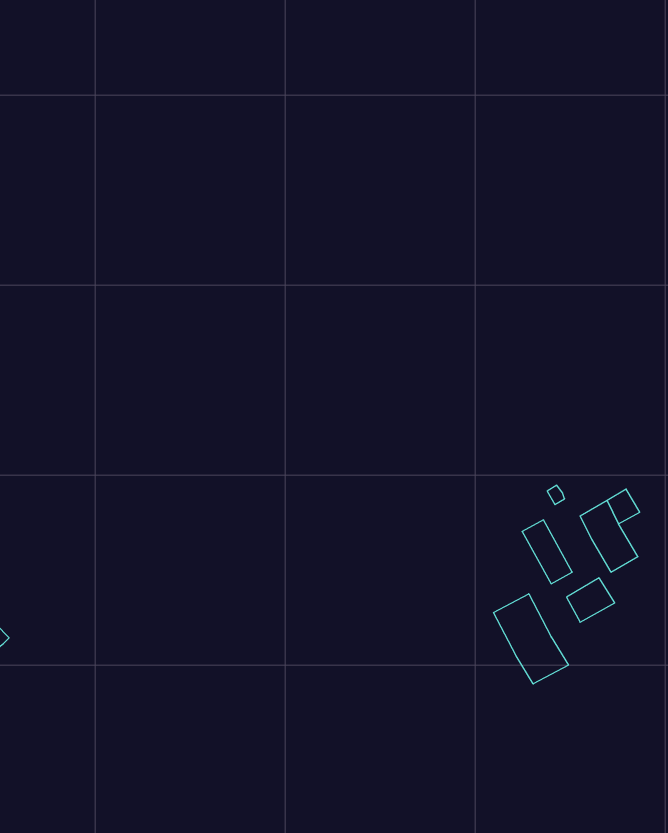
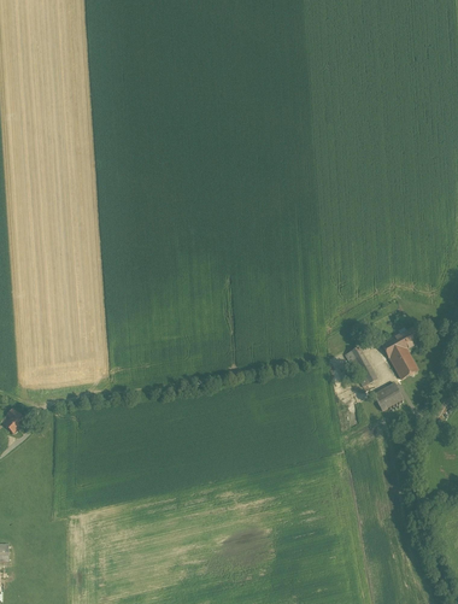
building: [494,594,568,684] -> none

